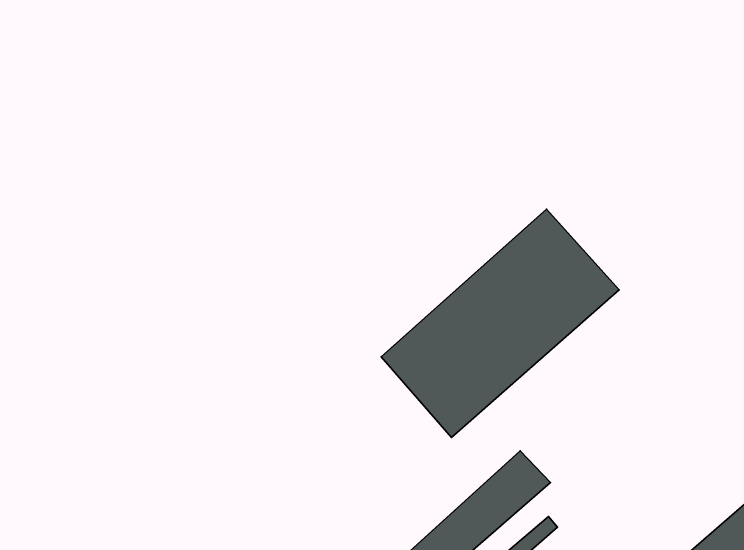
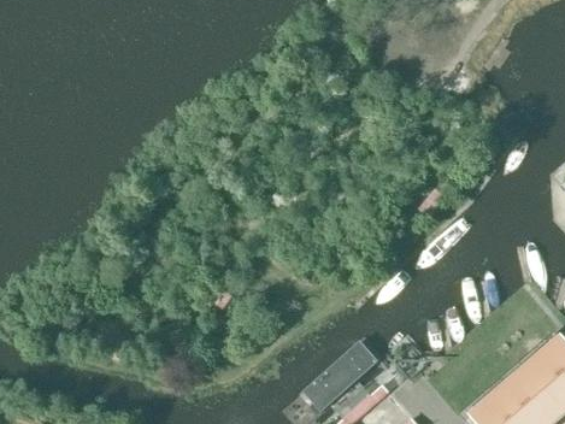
building: [381,209,619,437] -> none

